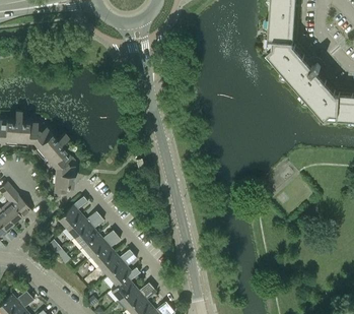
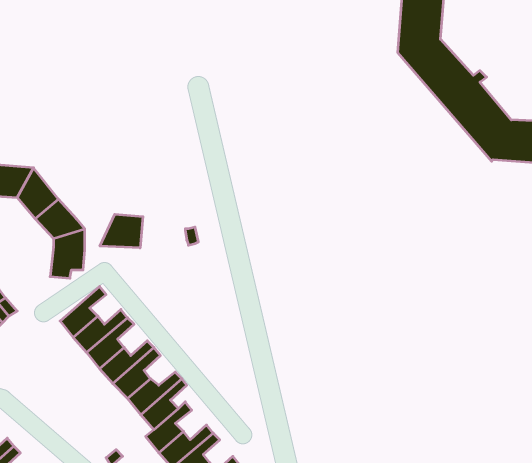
building: none -> [100,214,143,248]

